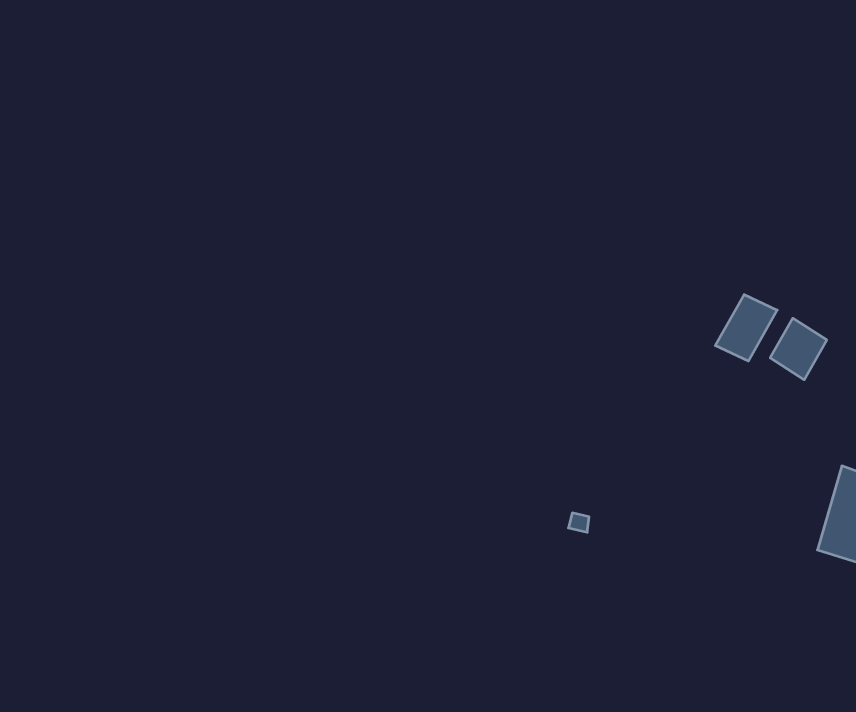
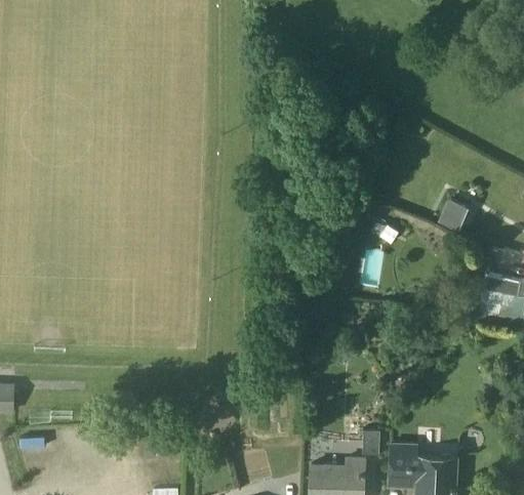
building: [715,295,777,361] -> none

